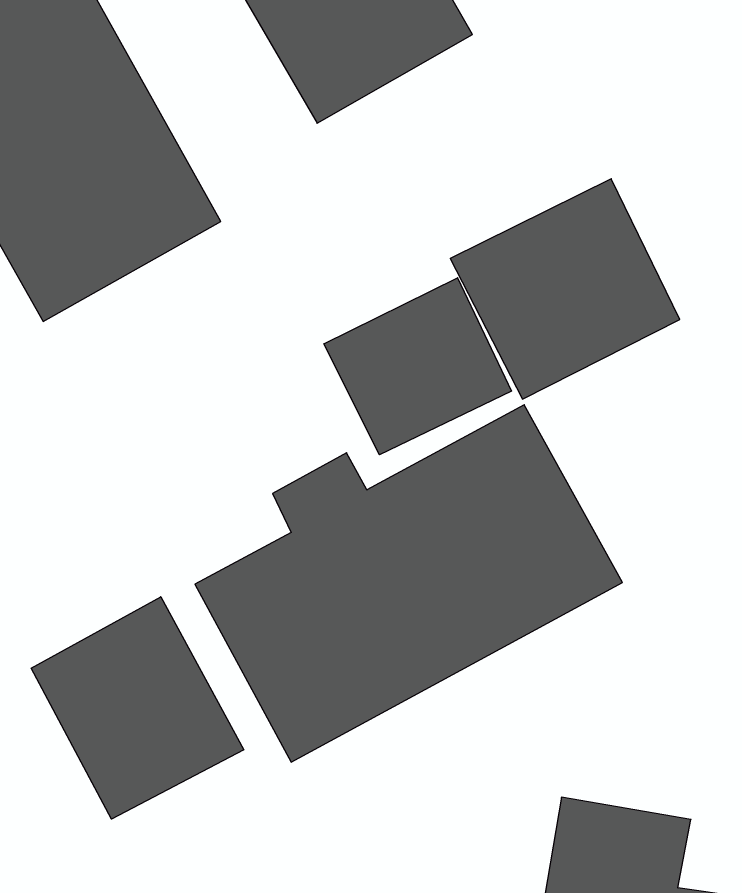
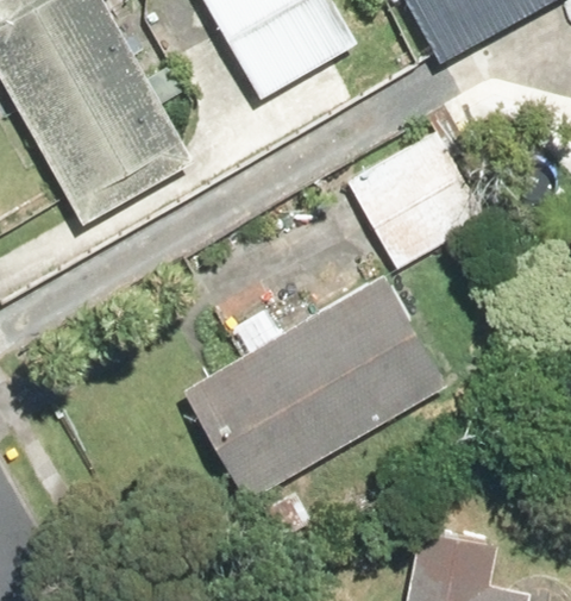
building: [324,278,511,455] -> none
building: [31,597,244,819] -> none

